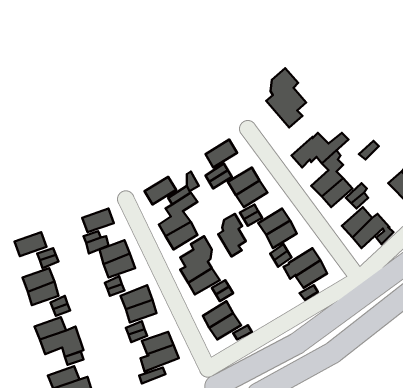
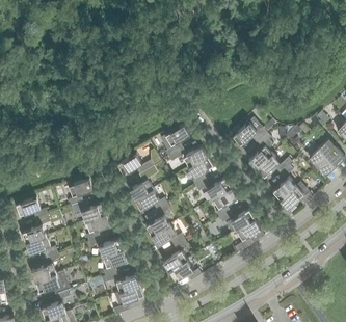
building: [266,68,306,128] -> none
building: [218,214,246,257] -> none

